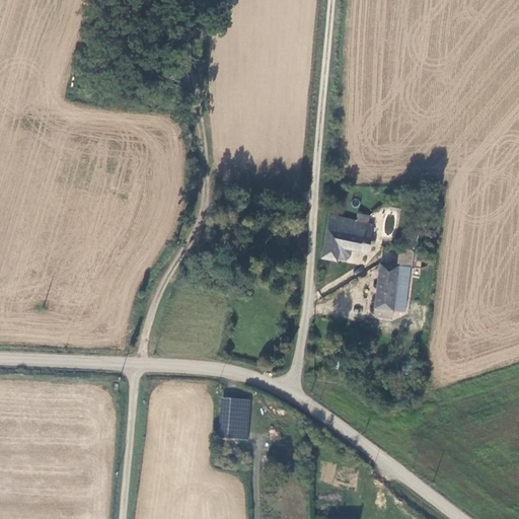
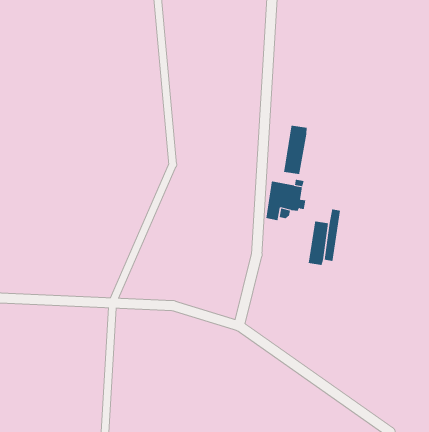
building: none -> [283,125,307,175]
building: [222,397,251,439] -> none

